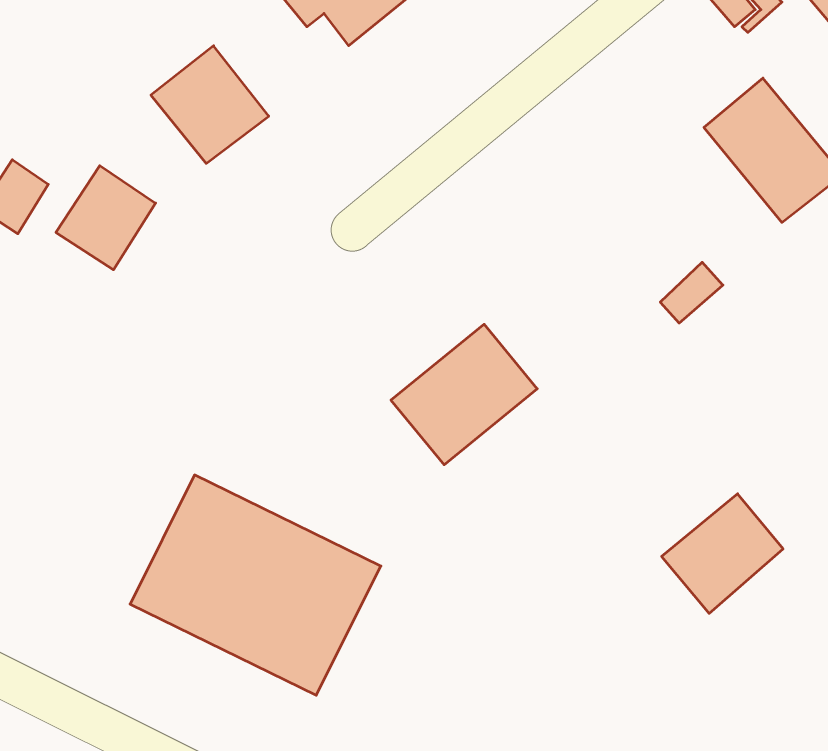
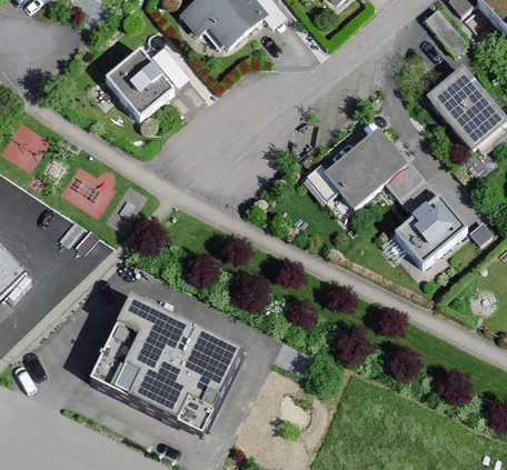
building: [56,166,156,270] -> none
building: [391,324,537,465] -> [324,128,409,210]
building: [662,494,783,613] -> [396,198,467,268]

